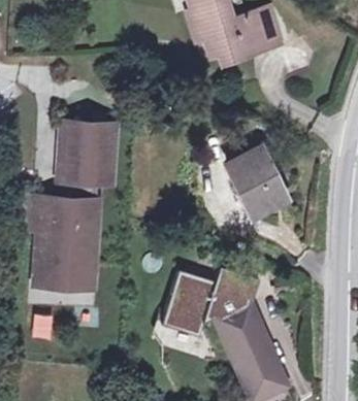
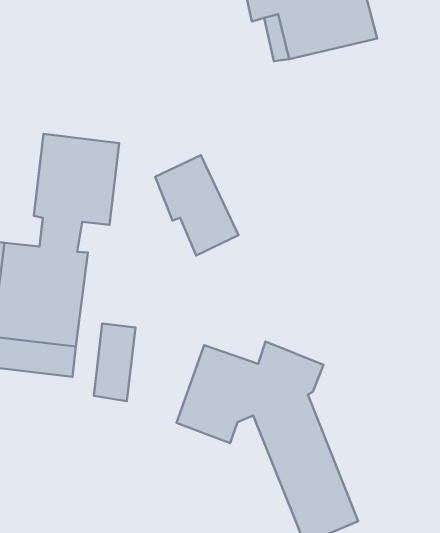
building: [229,155,288,223] -> [155,155,239,256]
building: none -> [94,323,136,401]

